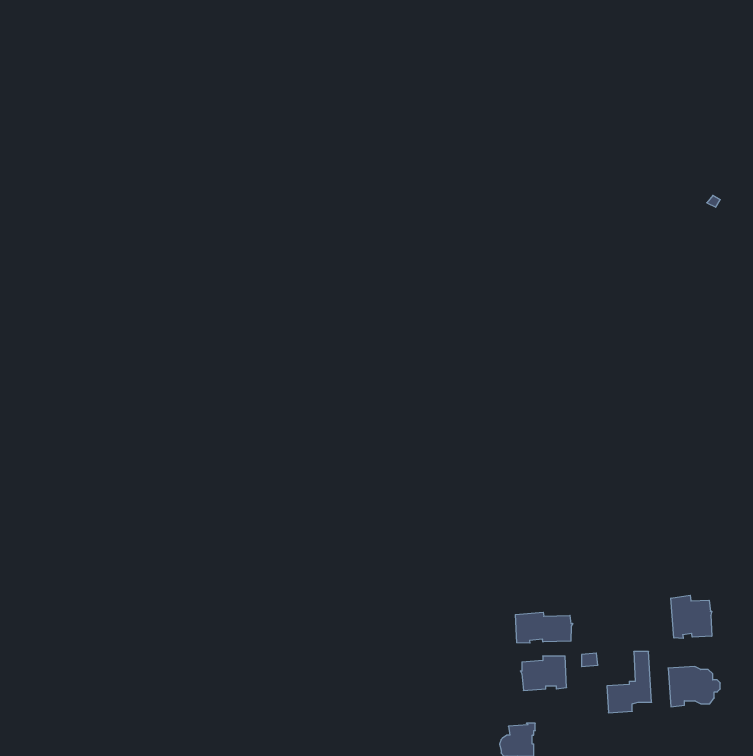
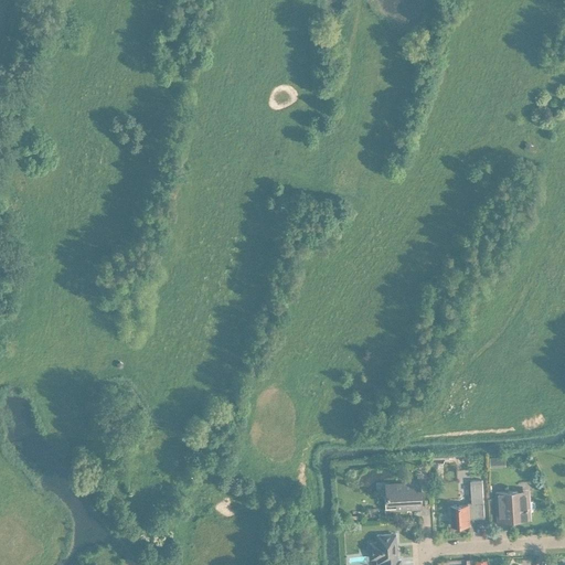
building: [671,595,712,638] -> none
building: [515,612,573,643] -> none

